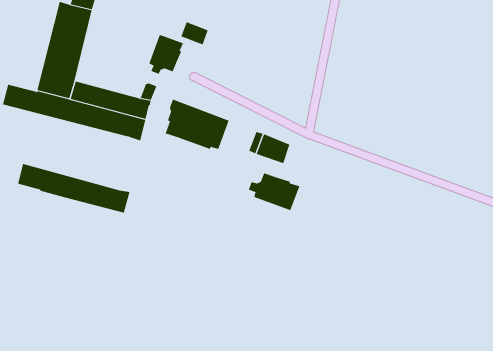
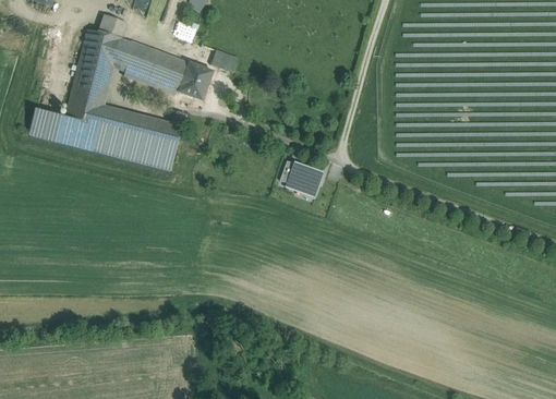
building: [165,99,229,150] -> [123,39,189,90]
building: [17,163,130,214] -> none
building: [248,172,300,211] -> none

